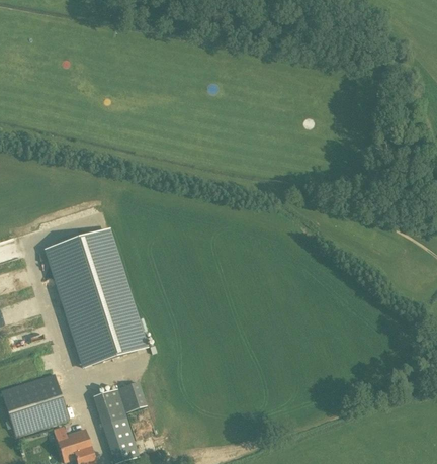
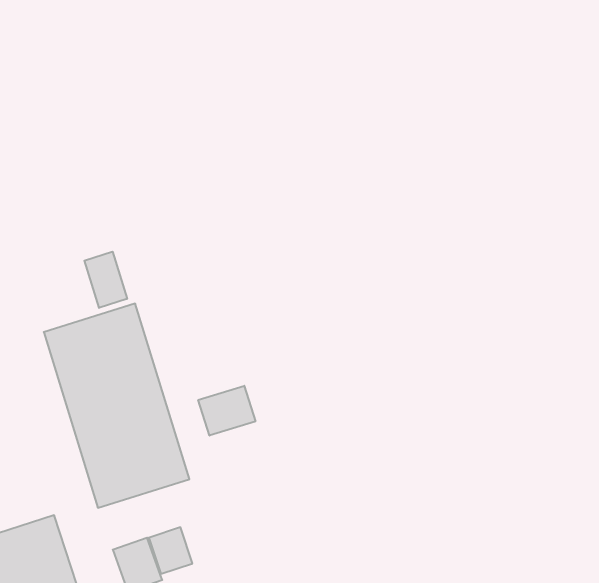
building: none -> [84,252,127,308]
building: none -> [198,386,255,436]

